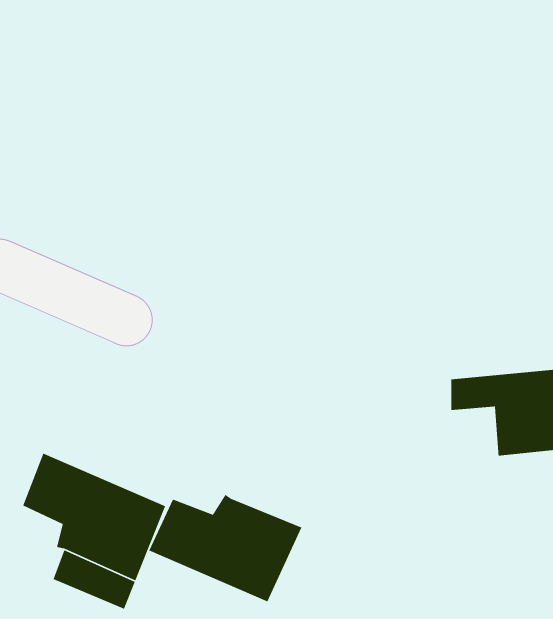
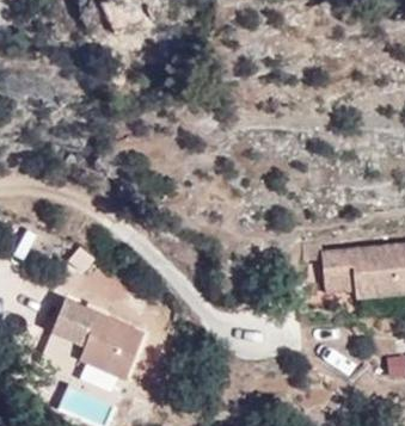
building: [148,494,302,602] -> none

